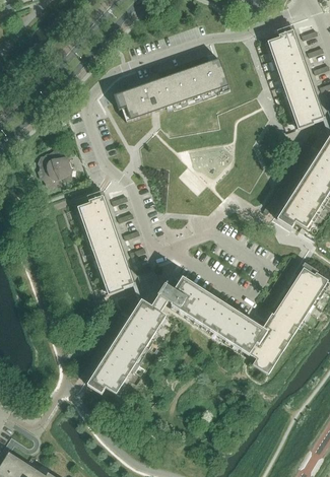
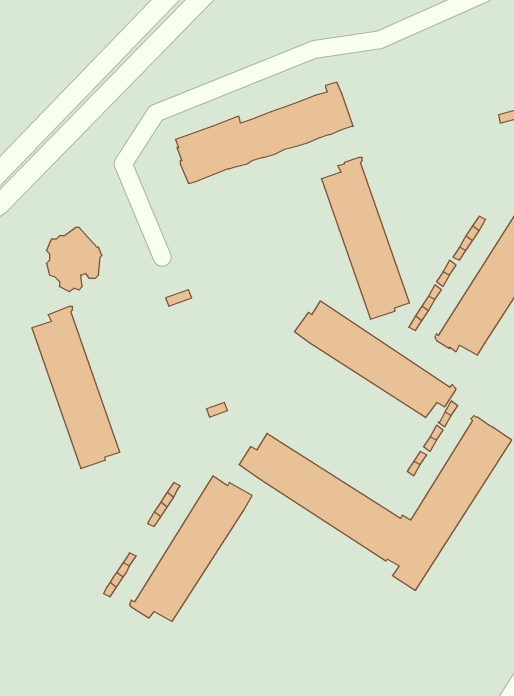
building: [267,26,322,127] -> [321,158,410,319]
building: [77,192,132,292] -> [32,307,120,468]
building: none -> [295,301,456,418]

